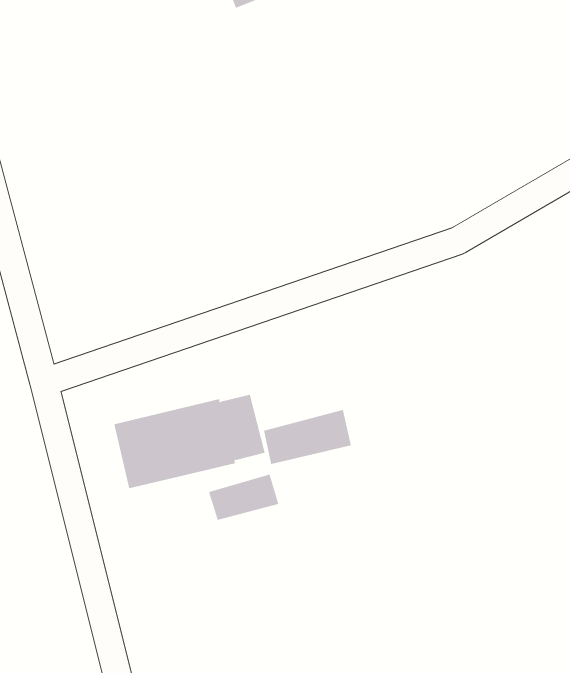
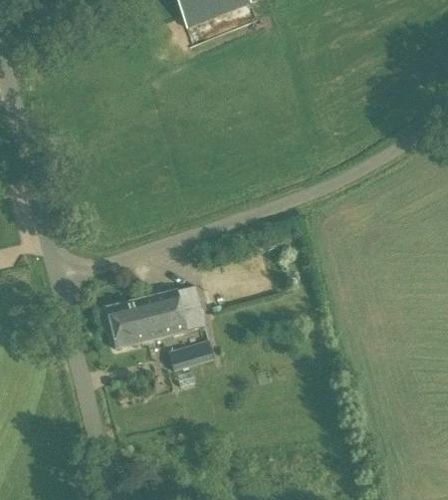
building: [263,409,351,465] -> none

